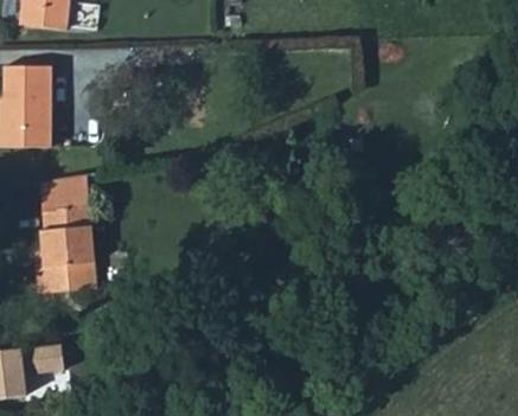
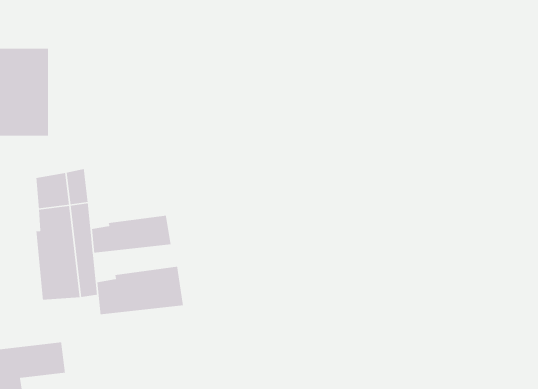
building: none -> [91,215,171,254]
building: none -> [96,266,184,315]

